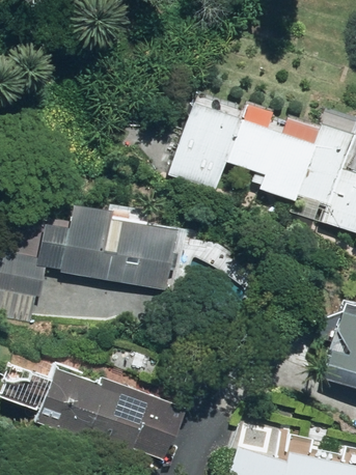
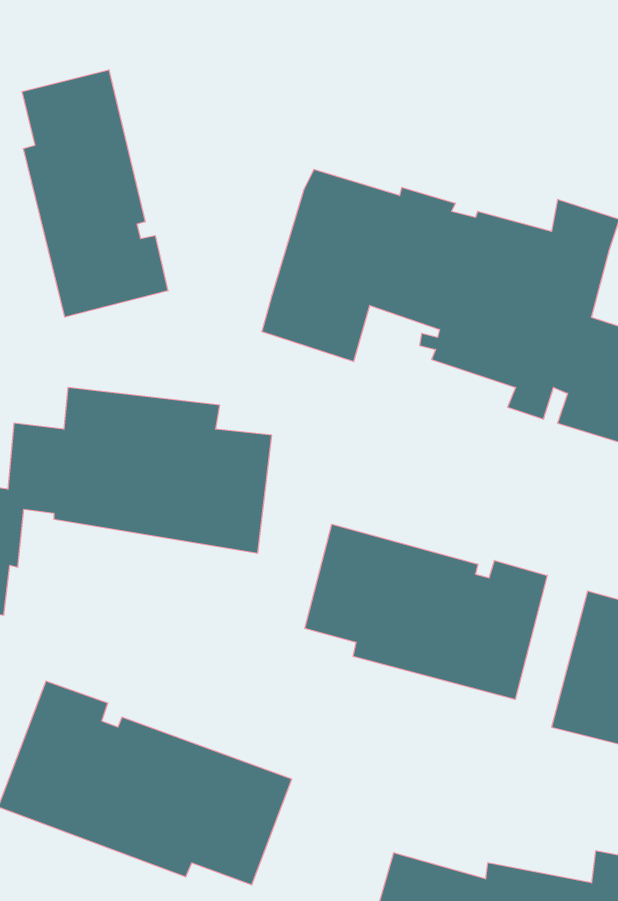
building: none -> [22,70,168,317]
building: none -> [305,524,547,699]

